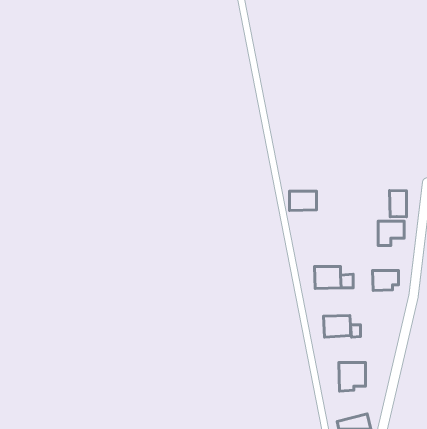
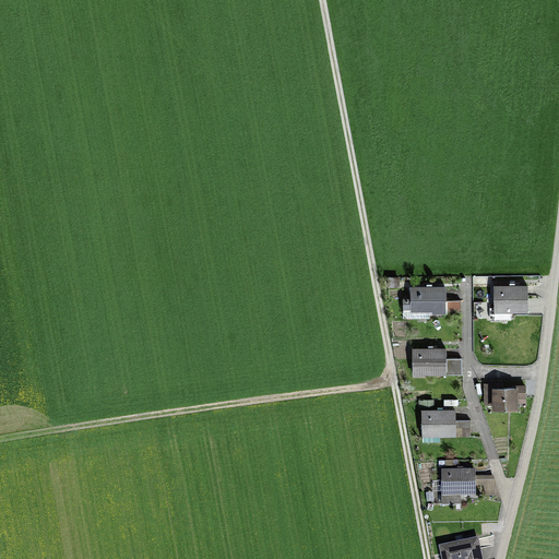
building: [390,191,406,217] -> none
building: [289,191,316,211] -> [411,288,445,313]
building: [372,270,398,291] -> [491,385,525,412]

